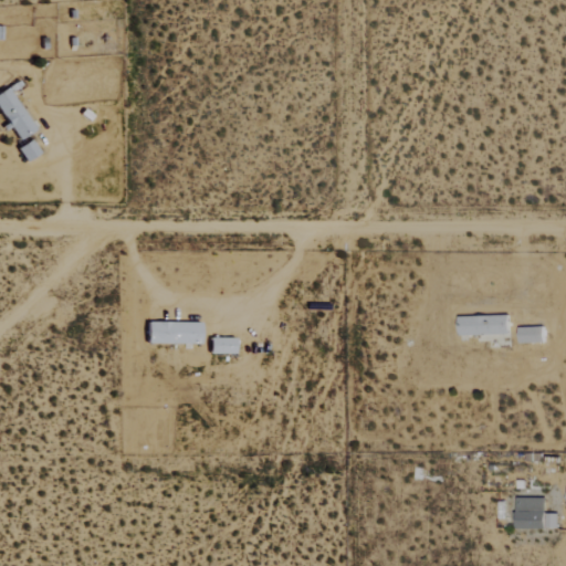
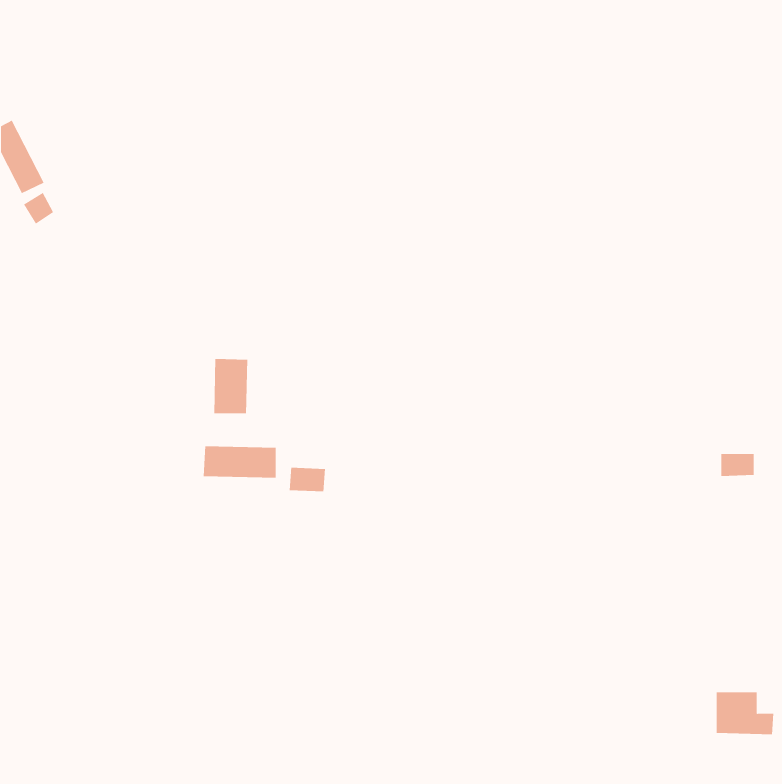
building: none -> [214,358,248,414]
building: [460,314,511,335] -> none

